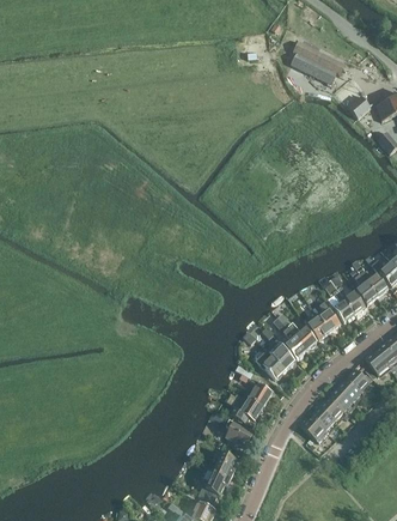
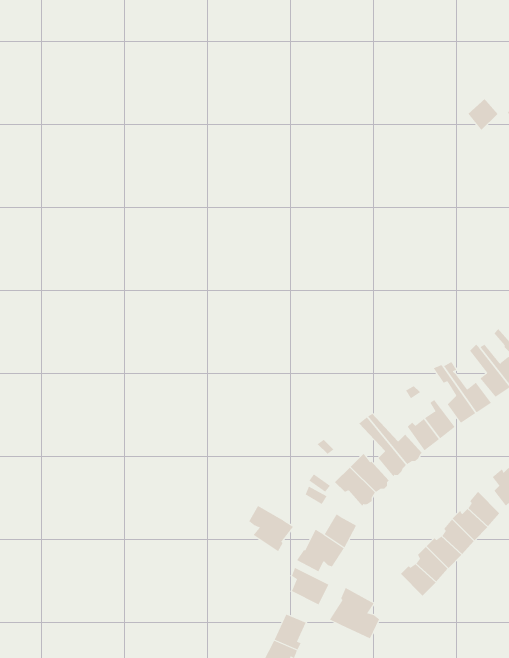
building: [289,40,343,83] -> none
building: none -> [249,505,294,552]
building: none -> [329,587,380,639]

